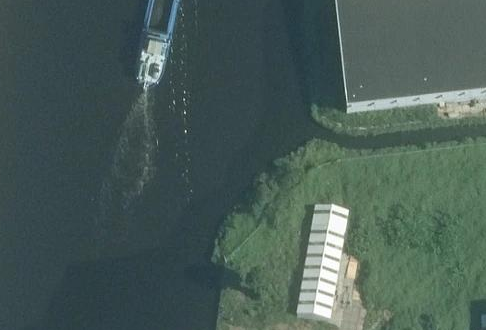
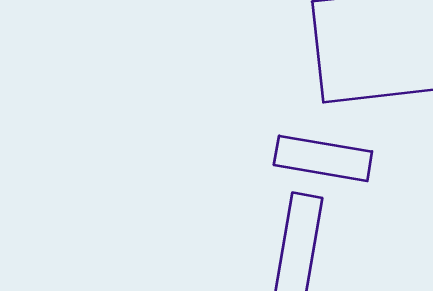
building: none -> [274,136,372,181]

